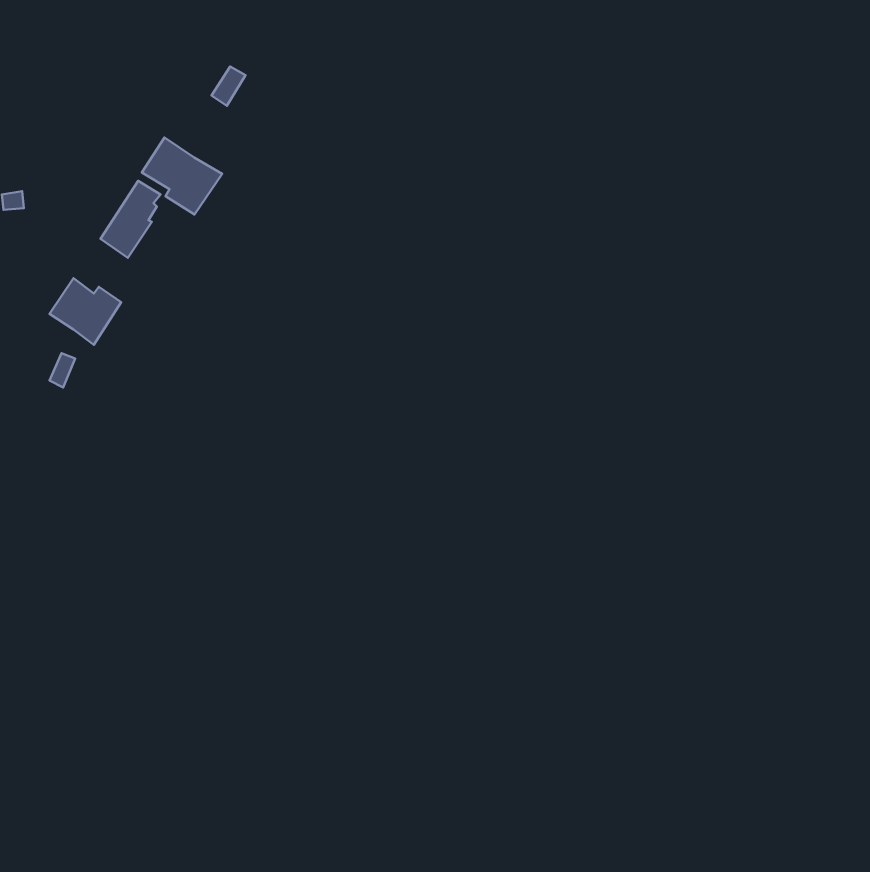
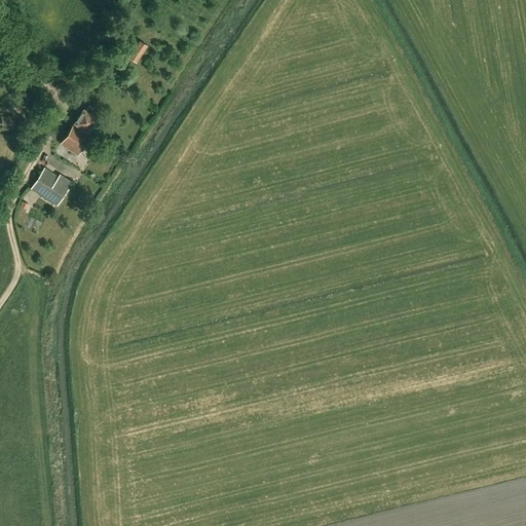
building: [142,138,222,214] -> none

